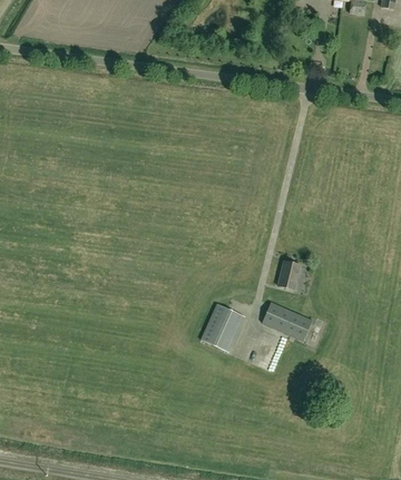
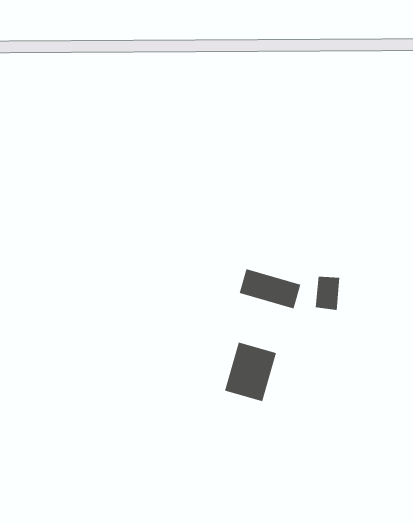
building: [263,303,311,339] -> [239,268,301,309]

